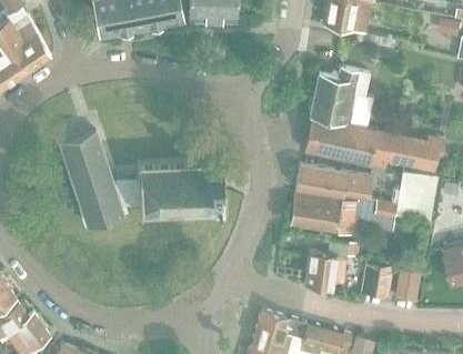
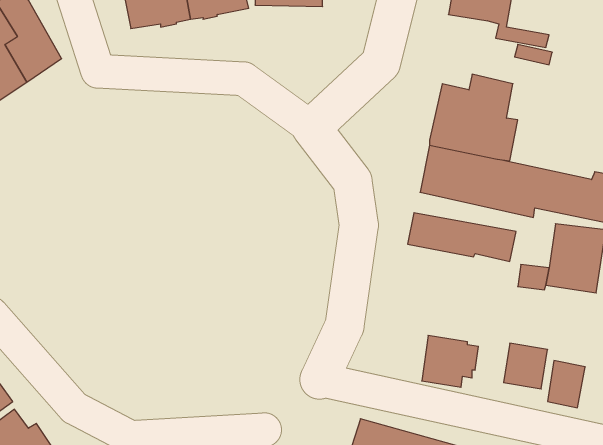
building: [59,131,223,227] -> none
building: [290,193,359,236] -> none

